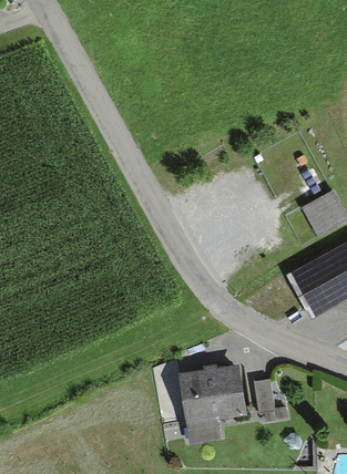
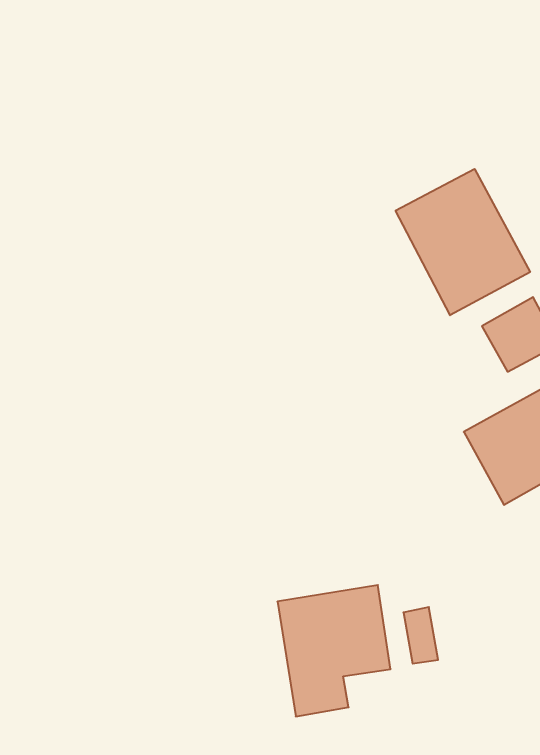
building: none -> [396,169,530,315]

